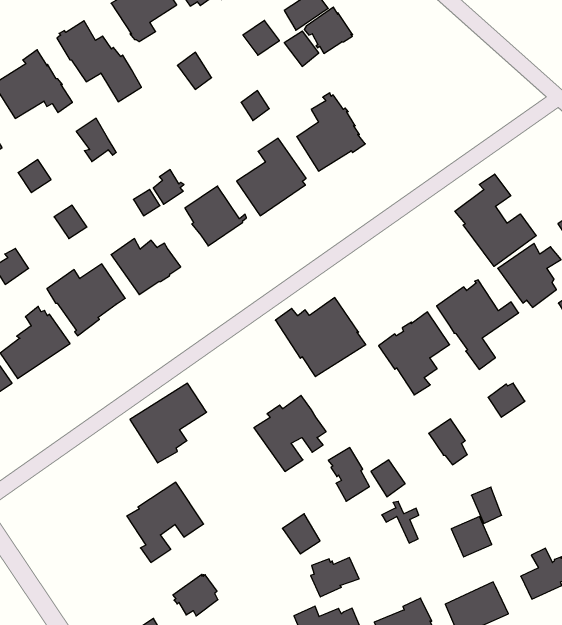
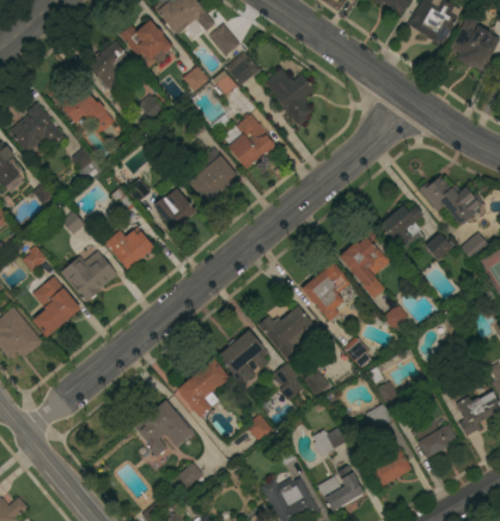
building: none -> [264,68,315,126]
building: [455,174,536,266] -> none
building: [275,298,366,377] -> [257,305,323,363]
building: [130,383,207,463] -> [176,359,230,418]
building: [311,558,359,597] -> [312,428,347,458]

